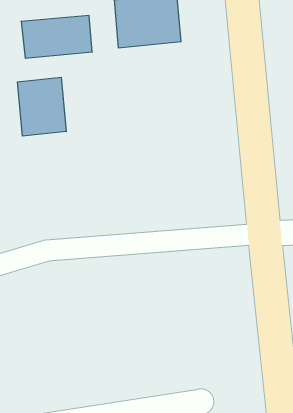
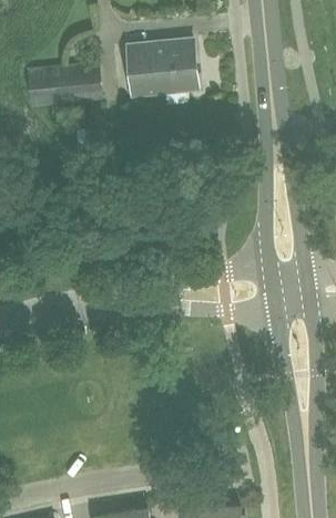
building: [17,77,66,136] -> none

